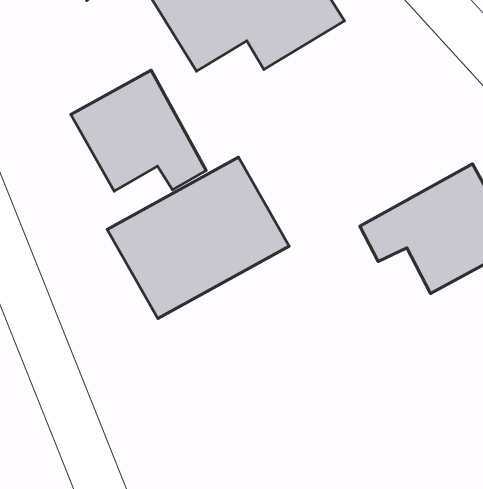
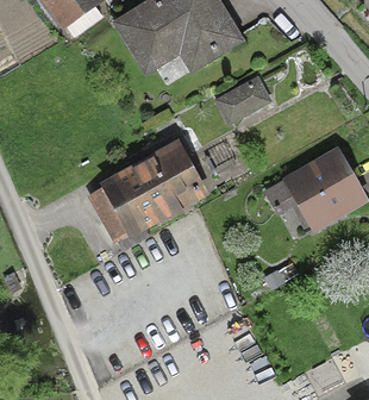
building: [71,70,206,191] -> none
building: none -> [212,76,273,129]

